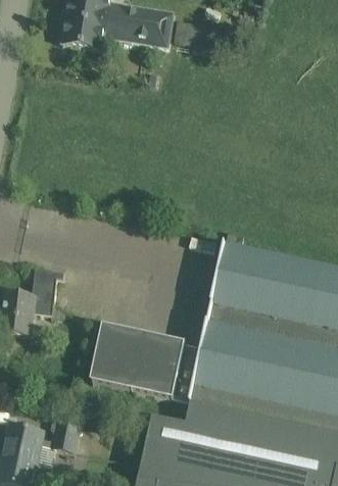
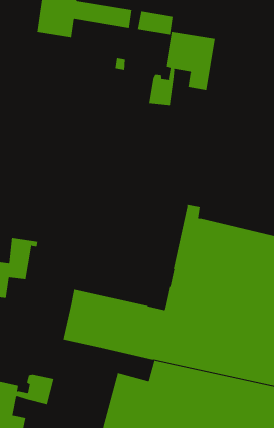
building: none -> [148,31,216,106]

